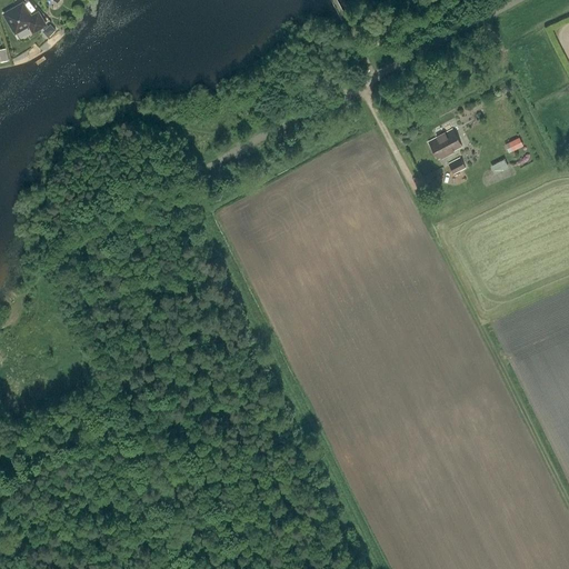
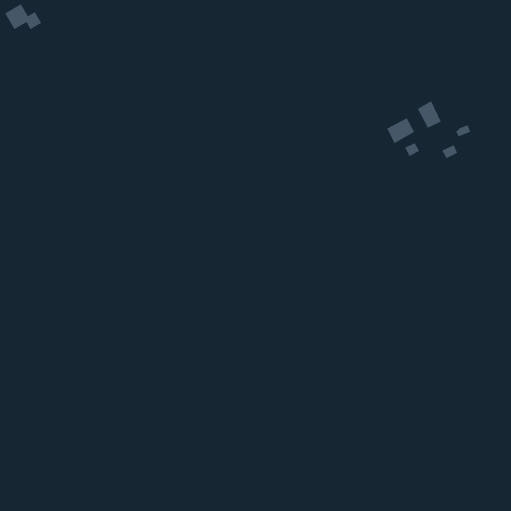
building: none -> [417,100,442,129]

